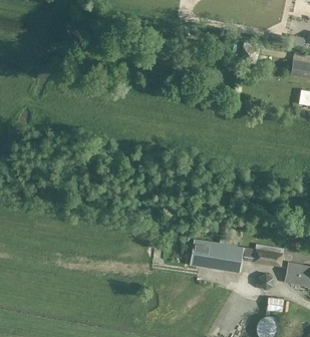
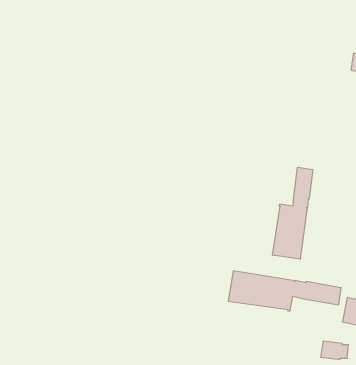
building: none -> [273,167,313,259]

